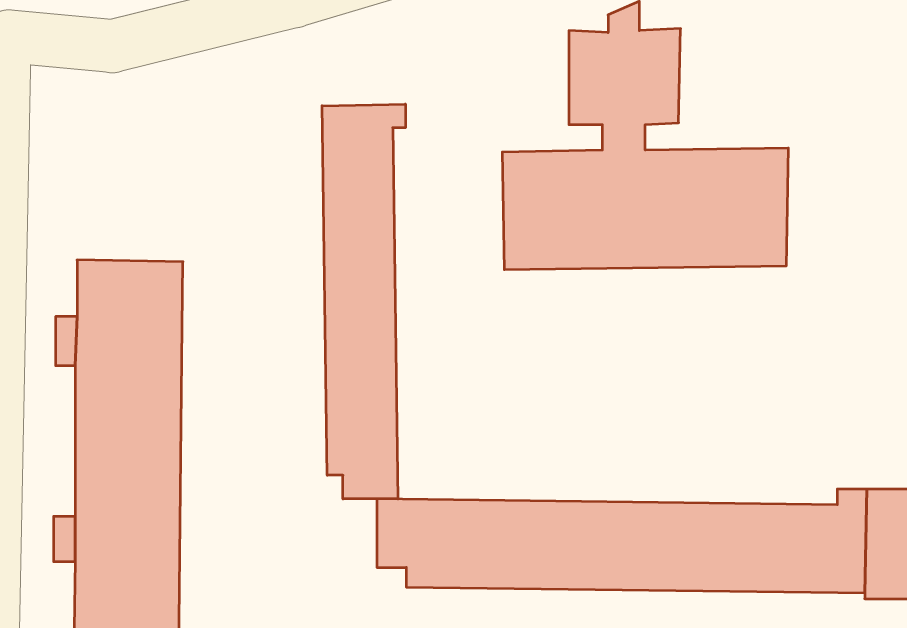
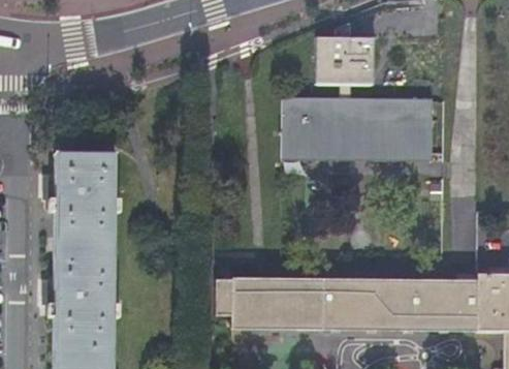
building: [322,104,405,499] -> none

